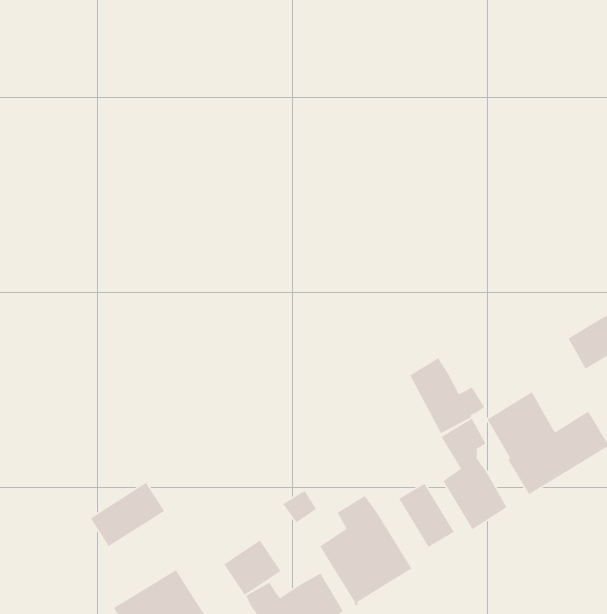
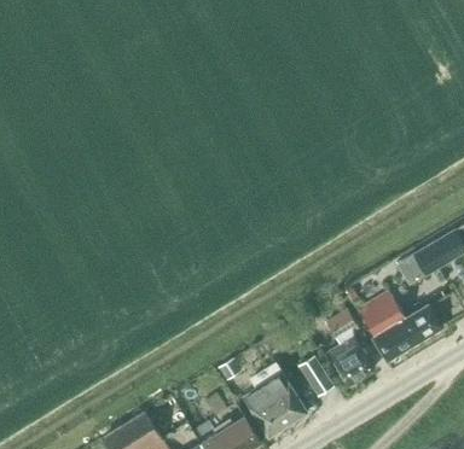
building: [409,357,485,434] -> none
building: [90,482,165,547] -> none
building: [223,540,281,596] -> none

